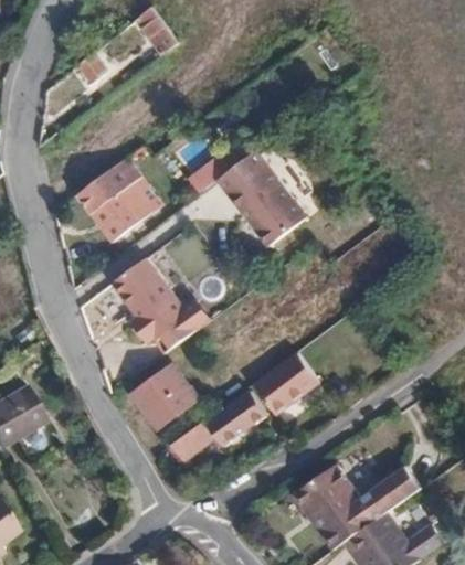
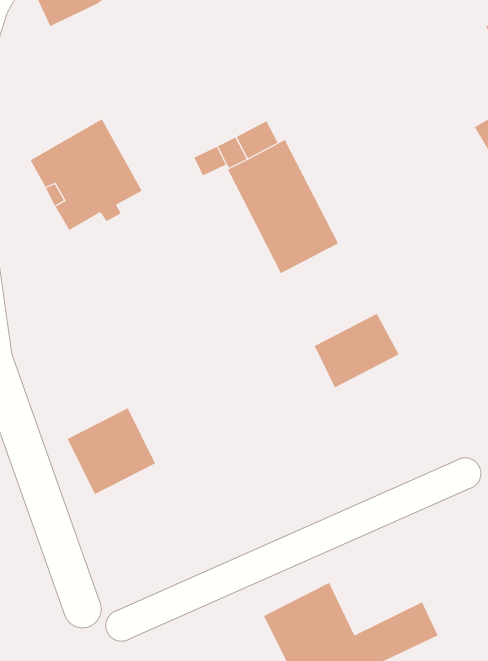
building: [113,256,210,351] -> none
building: [257,353,319,412] -> [314,313,399,388]
building: [173,388,270,460] -> none

